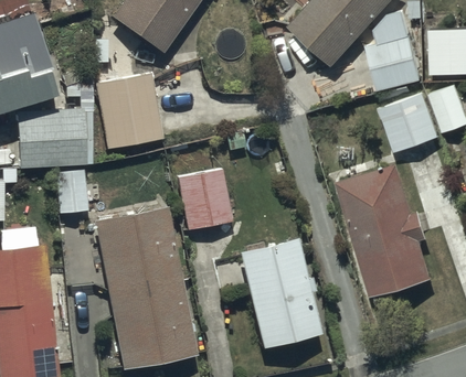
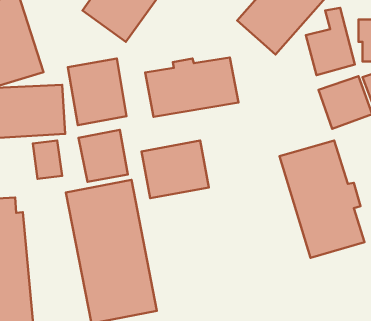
building: none -> [145,57,239,117]
building: none -> [78,130,128,182]
building: [239,241,318,349] -> none

